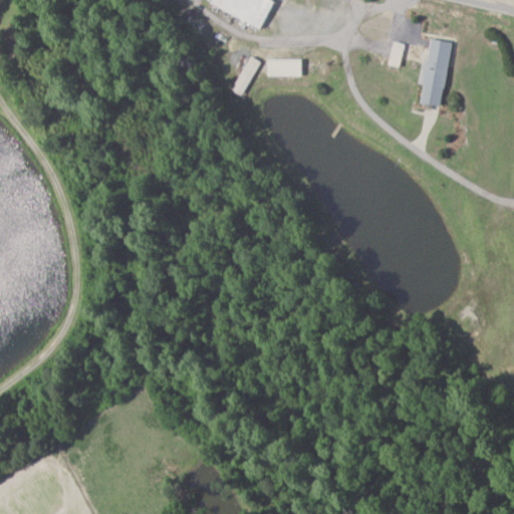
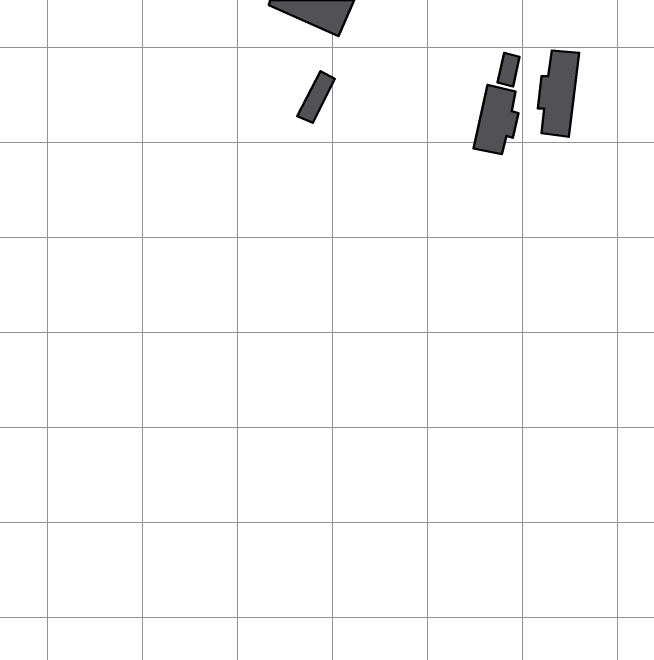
building: [268,58,302,76] -> none
building: none -> [474,85,518,154]

